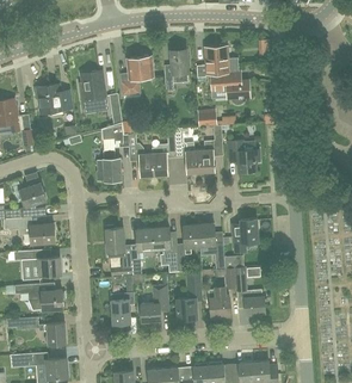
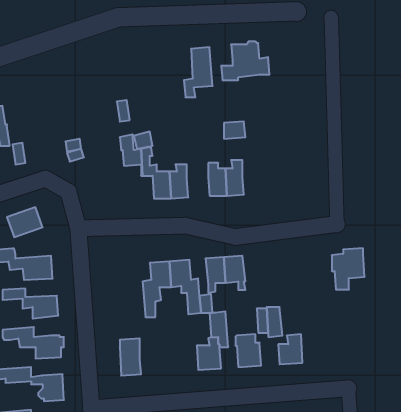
building: [121,54,153,89] -> none
building: [80,70,105,99] -> none
building: [210,72,249,104] -> none
building: [37,84,70,116] -> none
building: [228,140,259,173] -> none
building: [97,149,122,180] -> none
building: [230,217,258,252] -> [332,248,365,290]
building: [105,224,132,277] -> none
building: [138,284,168,321] -> none

